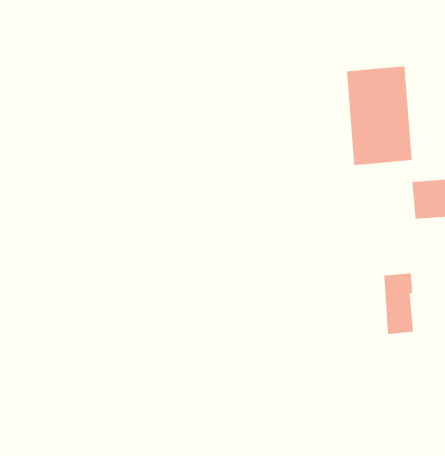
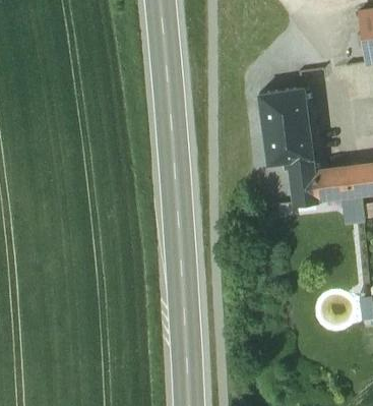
building: [383,273,414,334] -> [291,156,315,201]

